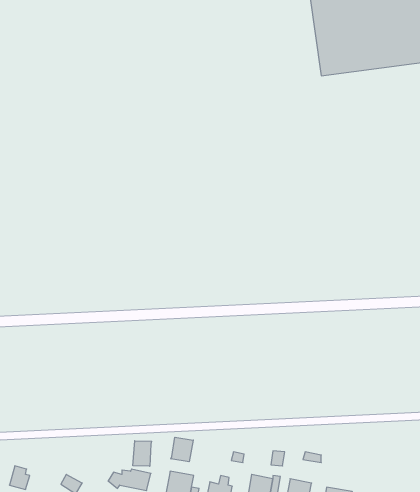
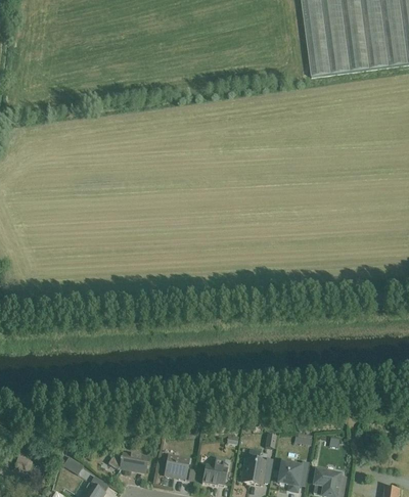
building: [171,437,193,462] -> none
building: [133,441,152,466] -> none

